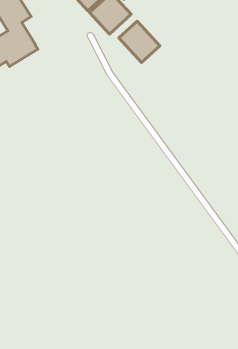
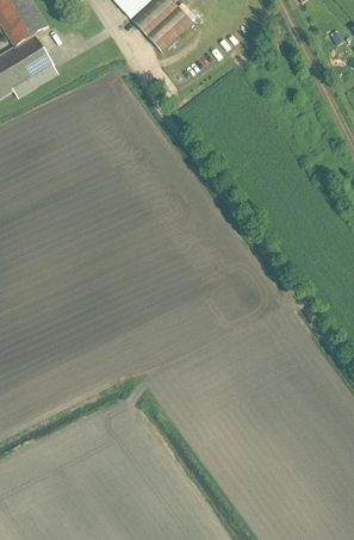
building: [119,21,160,62] -> none

